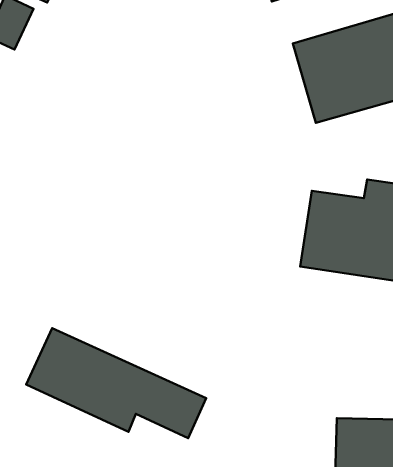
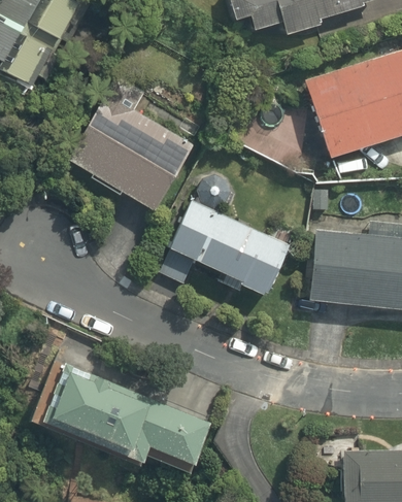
building: none -> [64,89,198,214]
building: none -> [168,194,295,303]

